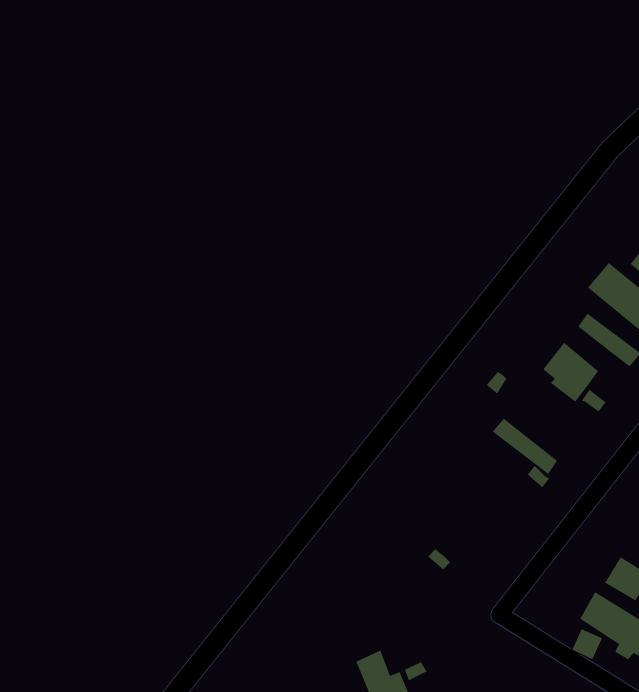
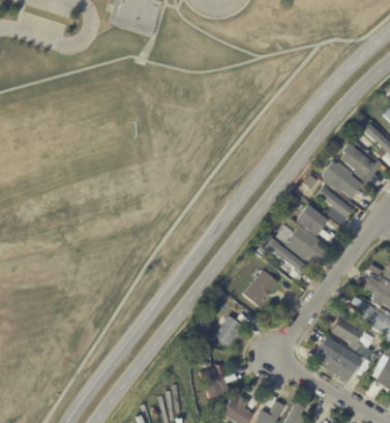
building: none -> [288,223,322,258]
building: none -> [244,270,278,306]
building: none -> [215,315,244,345]

